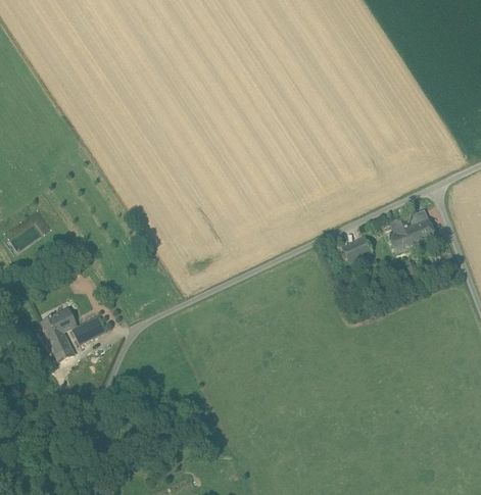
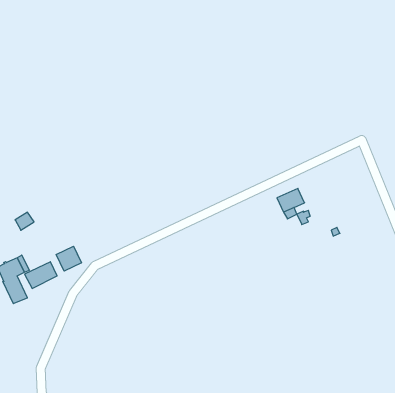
building: [386,214,435,252] -> none
building: none -> [56,246,81,271]

